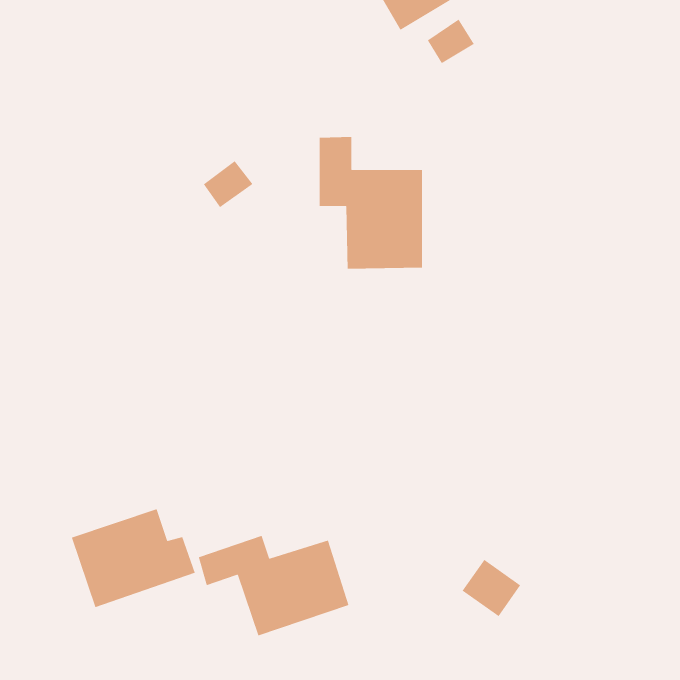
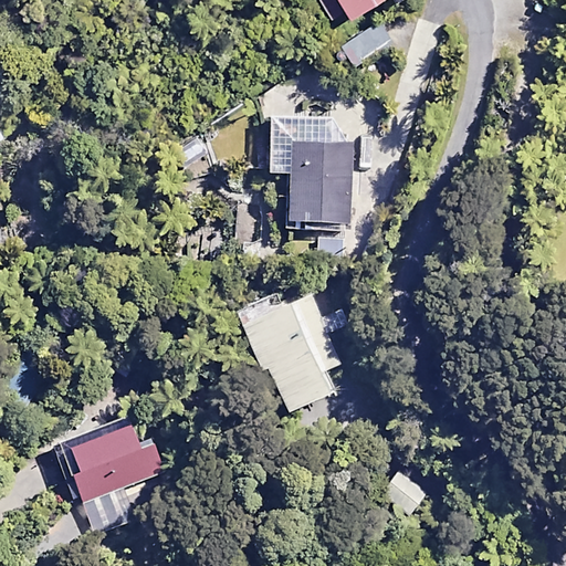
building: none -> [241,285,345,412]
building: [198,535,350,637] -> none

